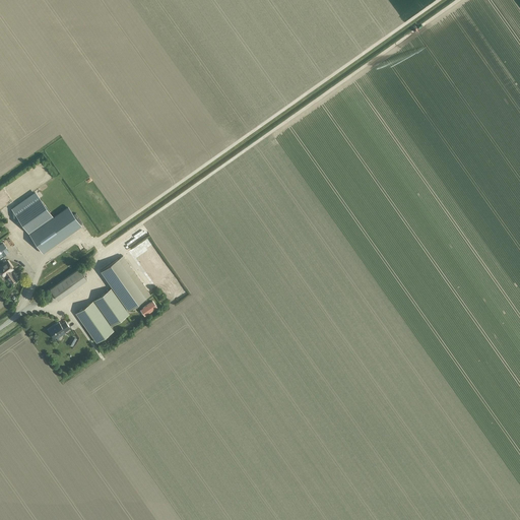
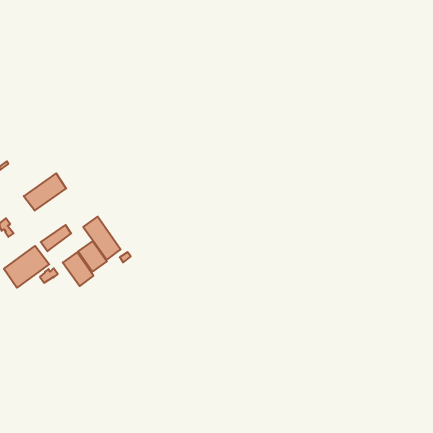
building: [15,199,51,234] -> none
building: none -> [4,246,49,288]

